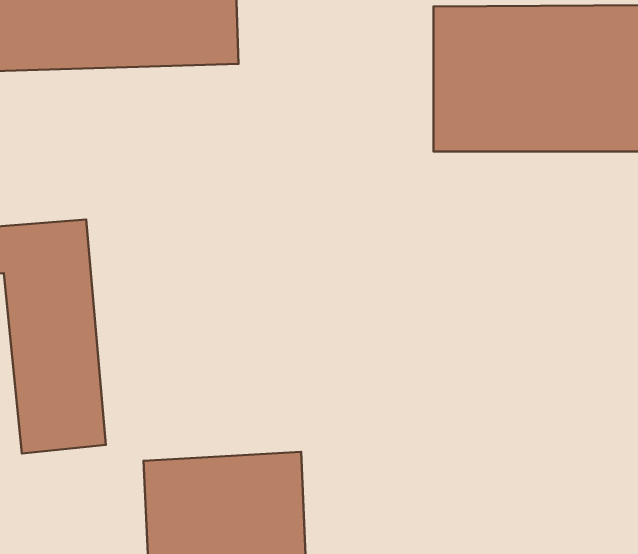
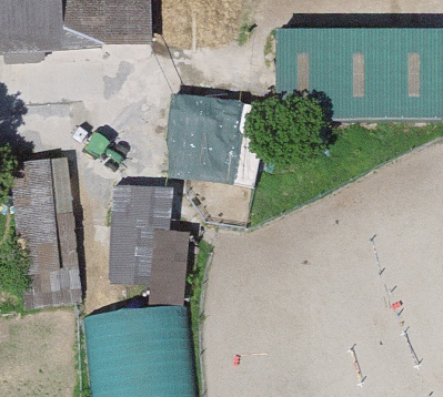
building: none -> [169,92,239,179]
building: none -> [109,183,184,302]

